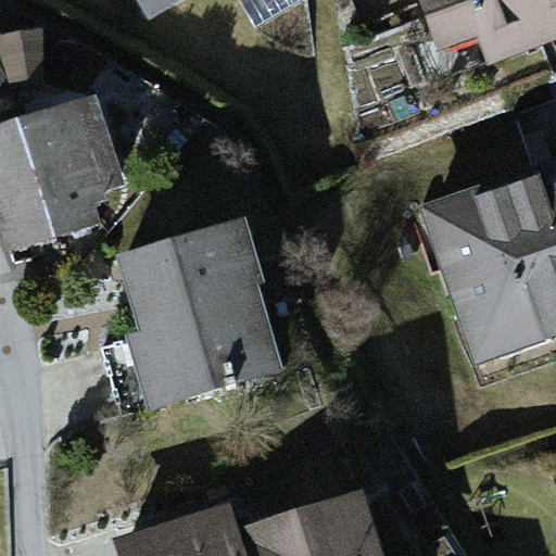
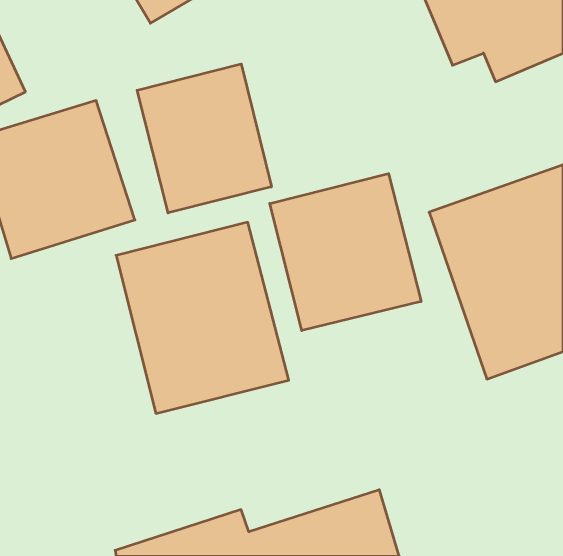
building: none -> [137,64,271,213]
building: none -> [270,174,421,331]

